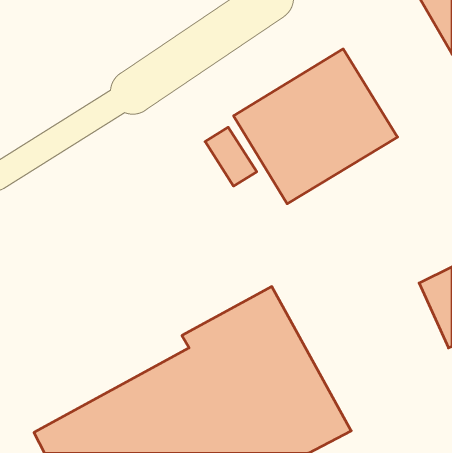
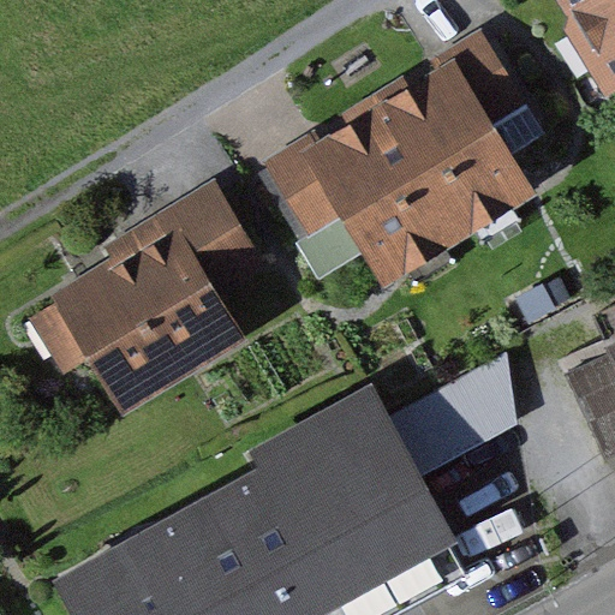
building: none -> [35,192,253,404]
building: none -> [384,351,512,477]

